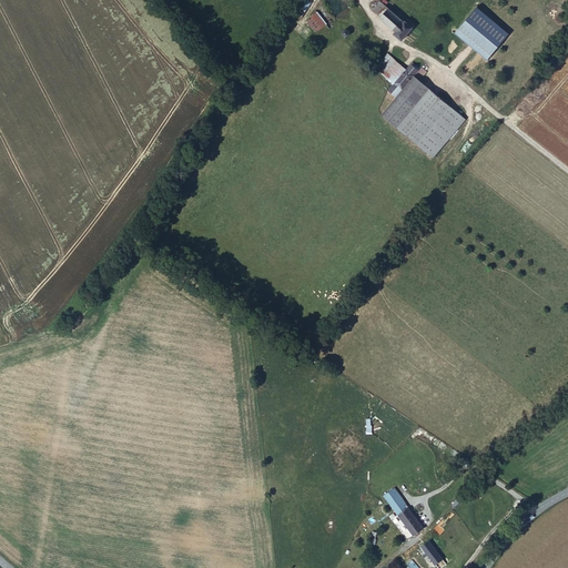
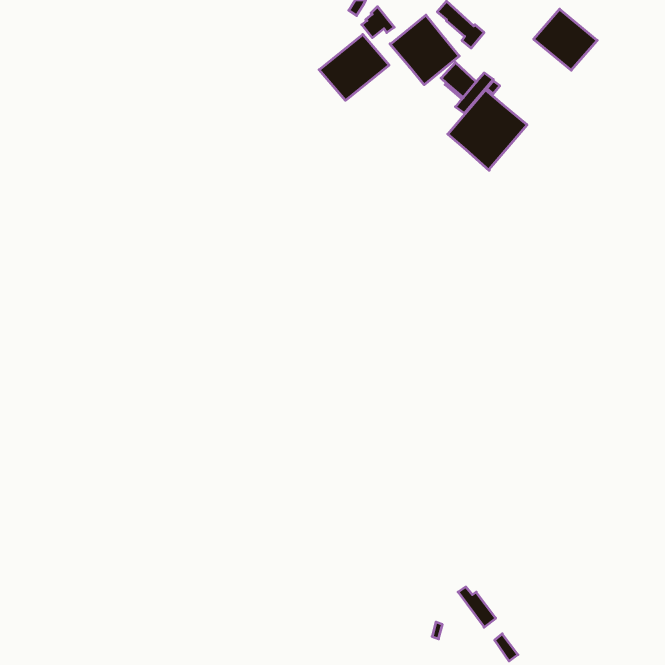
building: none -> [390,15,459,85]
building: none -> [319,34,389,100]
building: [417,106,463,155] -> none

